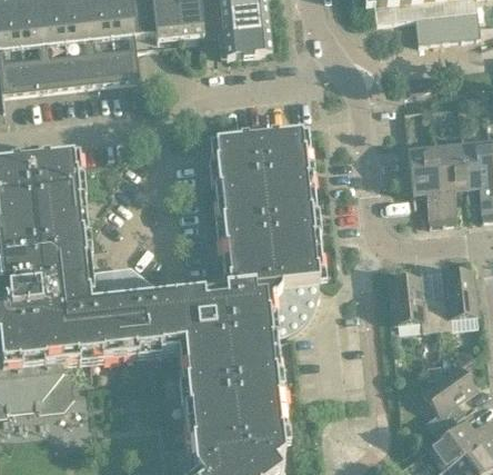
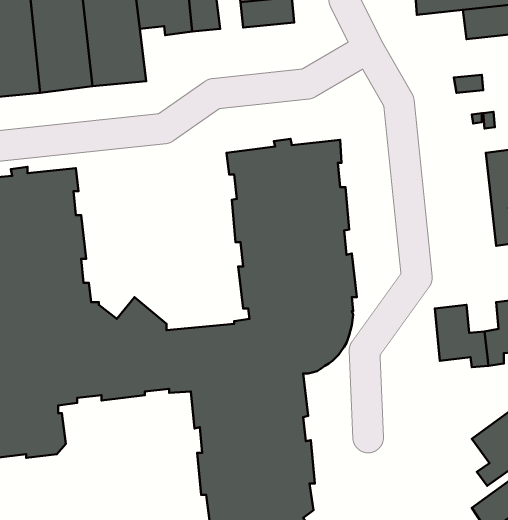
building: [223,27,271,56] -> none
building: [406,140,443,222] -> none

